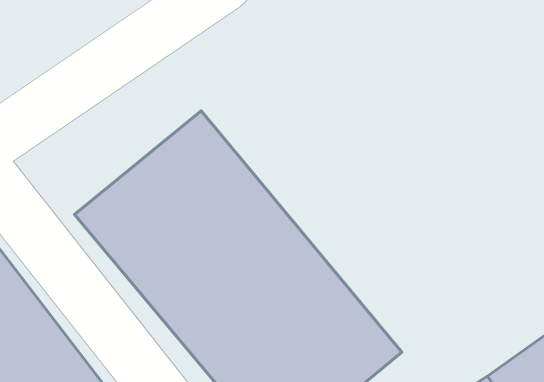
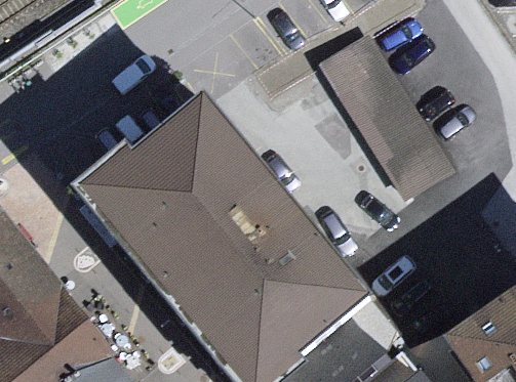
building: none -> [316,34,450,199]

